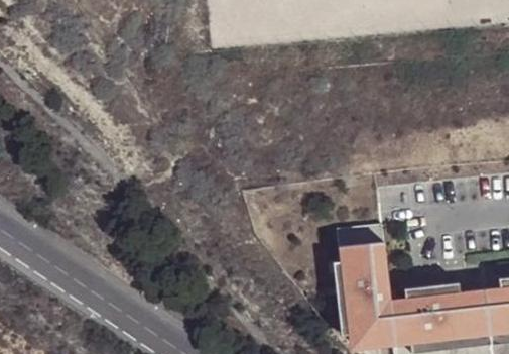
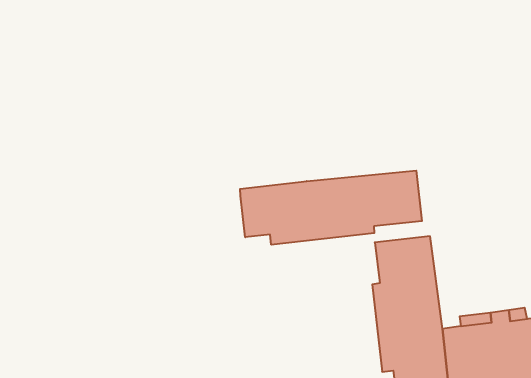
building: none -> [240,171,422,245]

